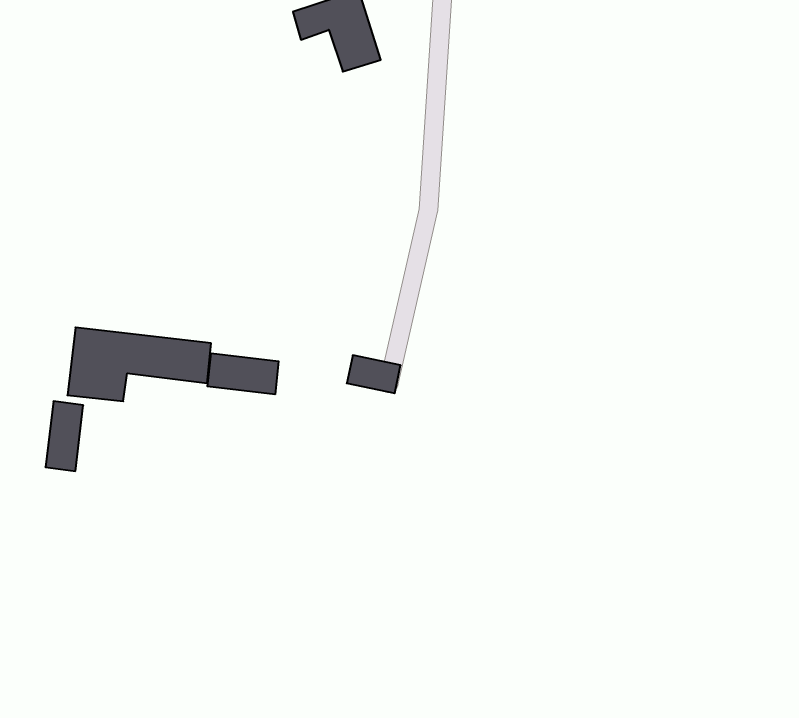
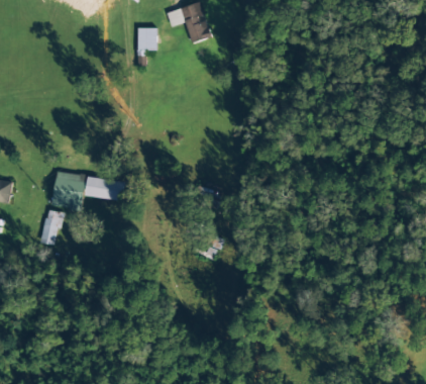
building: none -> [137,27,157,51]
building: [207,353,279,394] -> none

